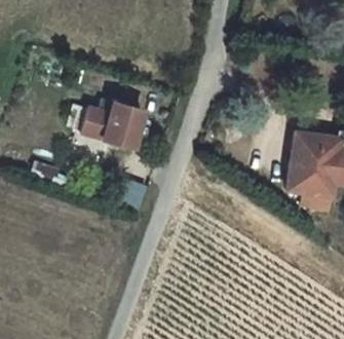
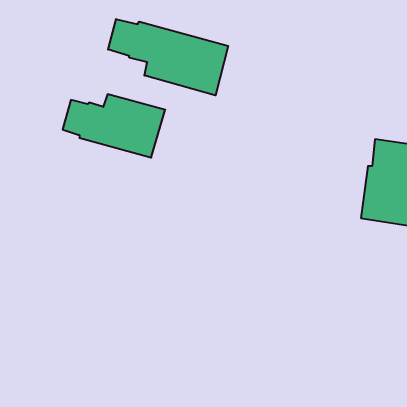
building: none -> [108,19,228,95]

